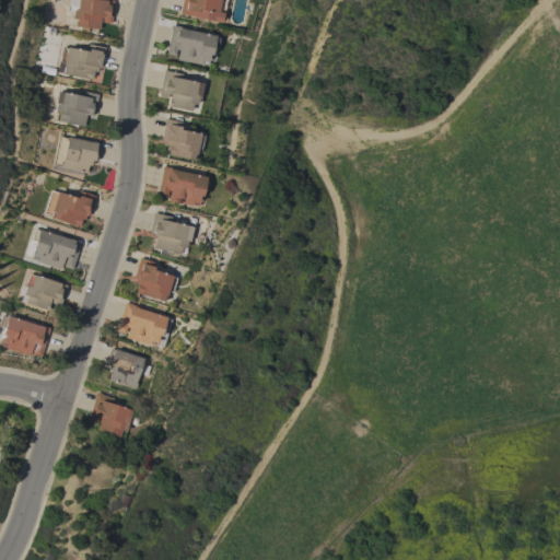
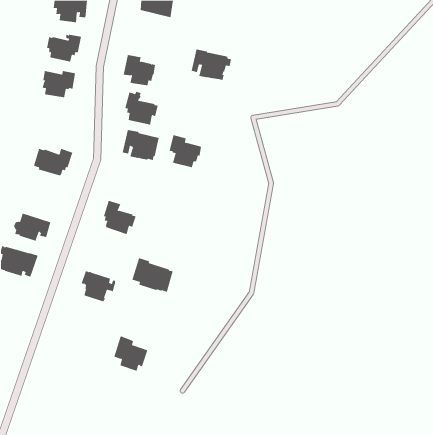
building: [168,25,221,66] -> [191,49,232,80]
building: [55,136,103,173] -> none
building: [151,212,194,255] -> [169,135,202,168]
building: [26,229,83,269] -> none
building: [119,302,173,347] -> [132,258,173,293]
building: [90,392,135,438] -> [113,336,148,371]

